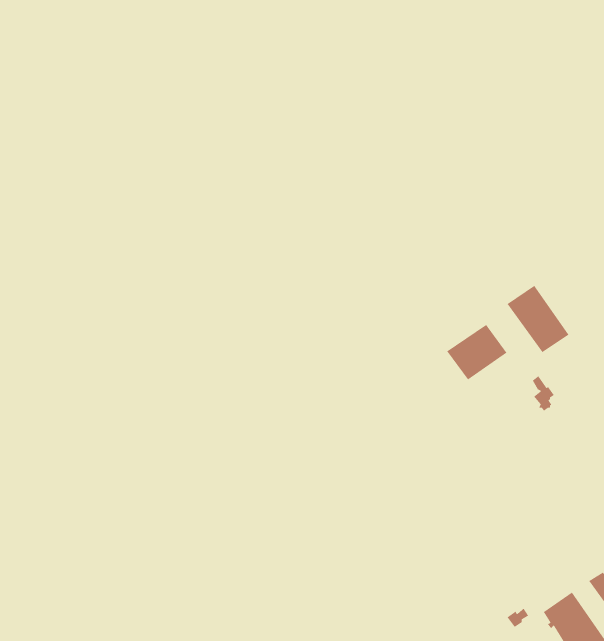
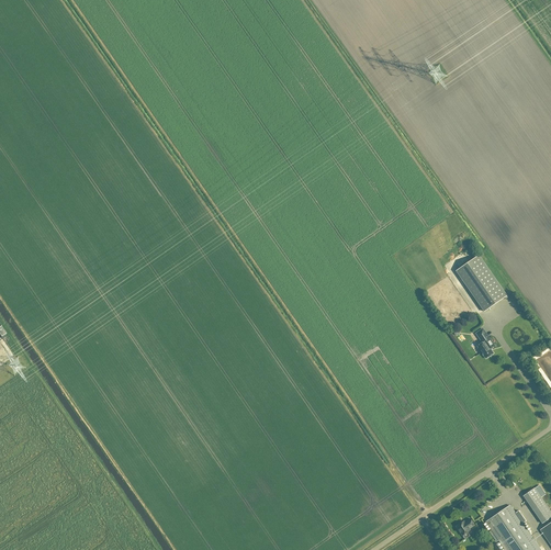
building: [446,323,507,381] -> none

